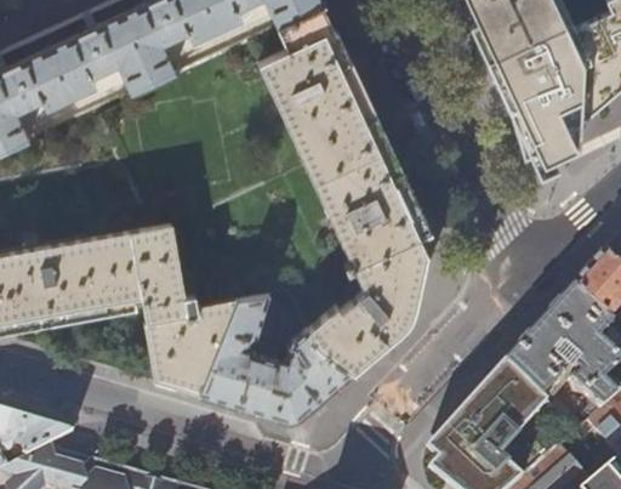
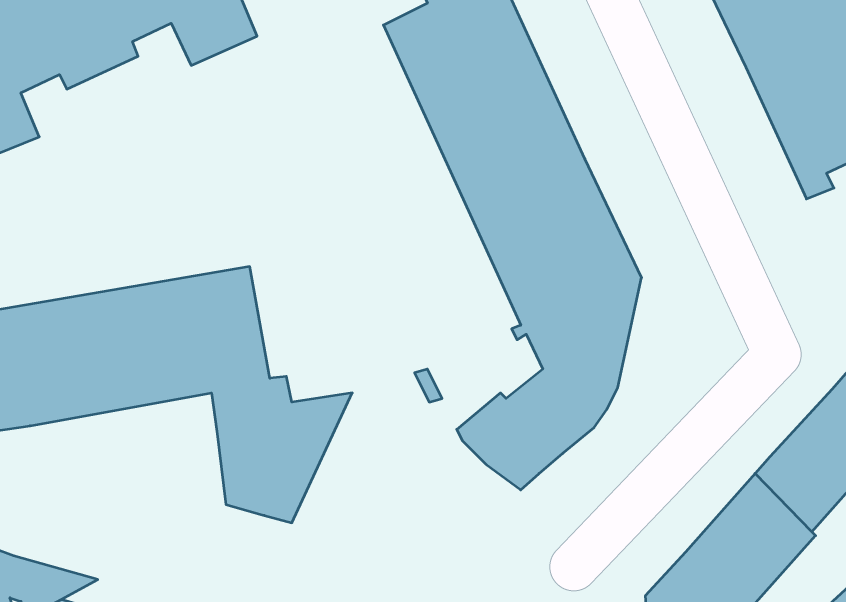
building: [199,296,351,421] -> none

